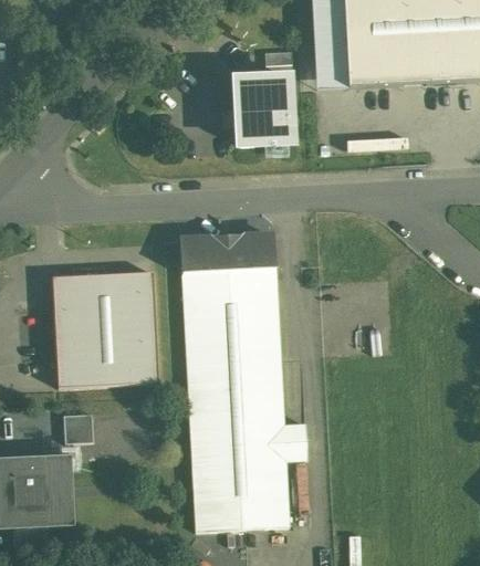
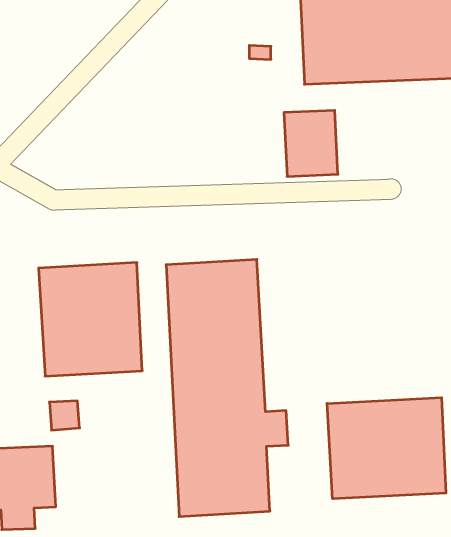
building: [234,76,290,144] -> [284,110,338,176]
building: [179,232,274,272] -> none
building: none -> [327,398,446,499]

